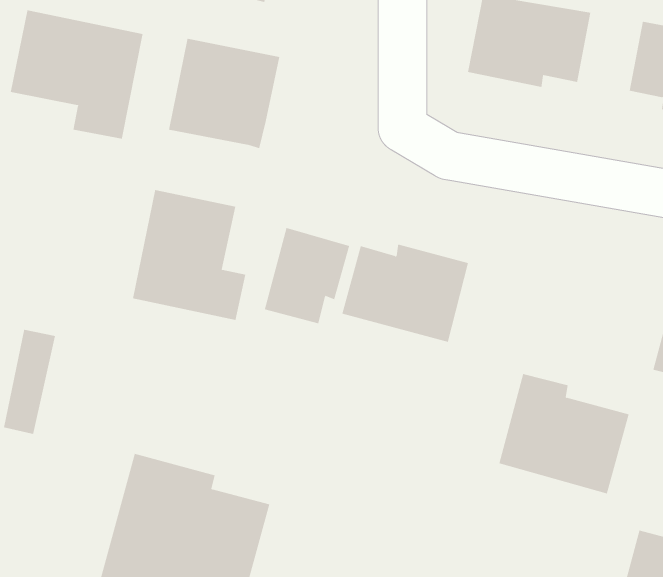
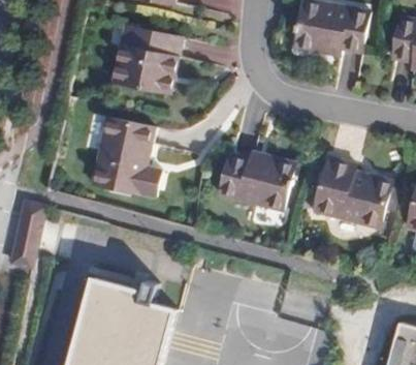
building: [10,9,143,139] -> none
building: [264,227,350,324] -> none
building: [499,373,630,494] -> [312,155,391,229]

